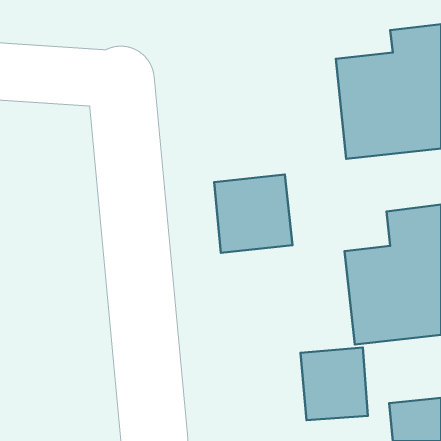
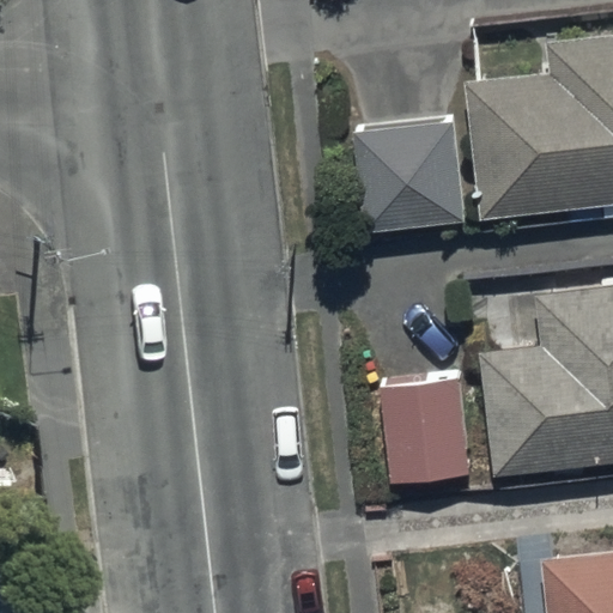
building: [214,174,293,253] -> [357,122,466,231]
building: [301,348,368,420] -> [375,381,468,481]

